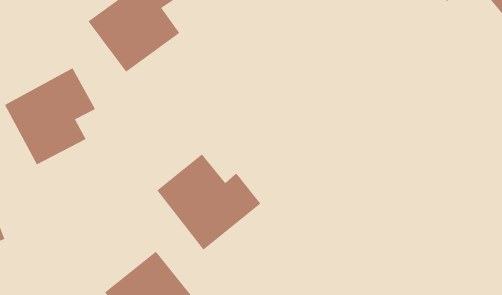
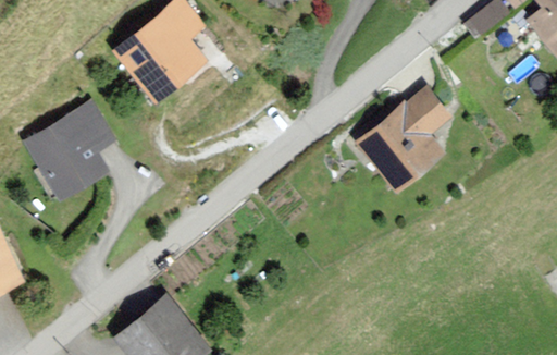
building: none -> [354,86,449,193]
building: [156,154,261,250] -> none

